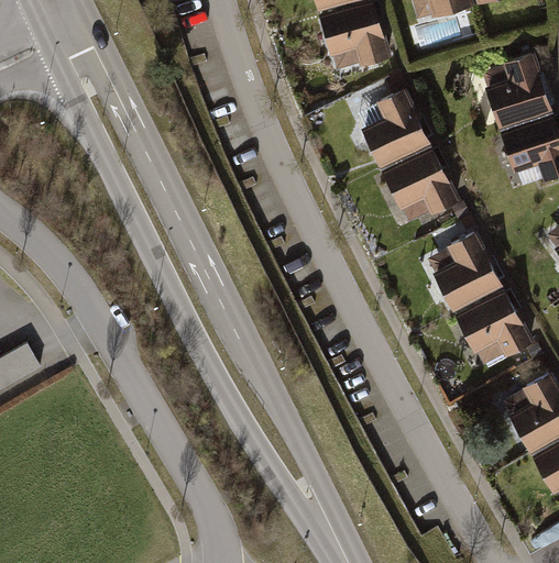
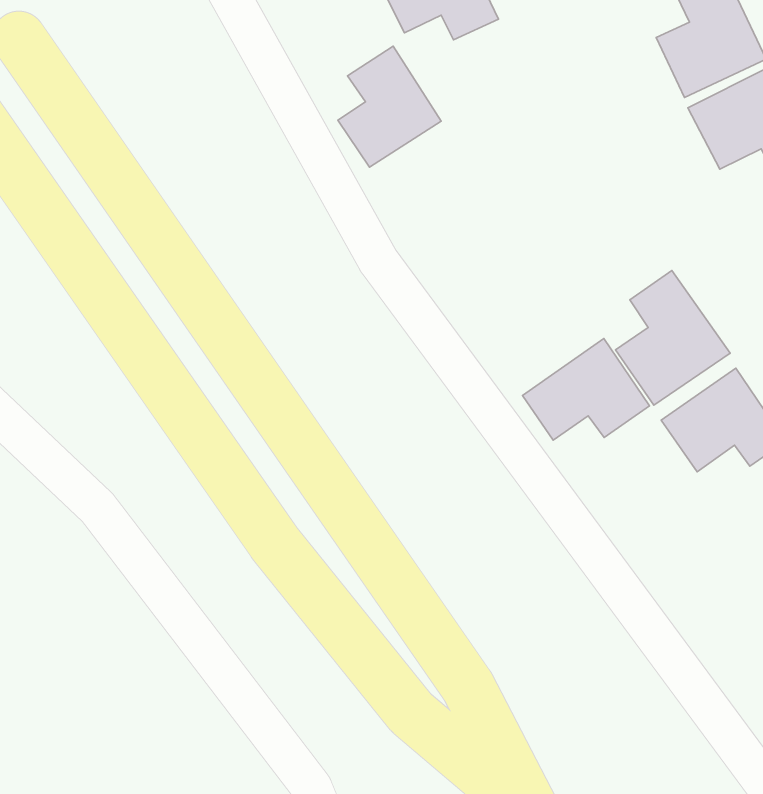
building: [365,92,429,165] -> [338,46,441,167]
building: [384,151,457,211] -> none
building: none -> [523,339,649,440]

